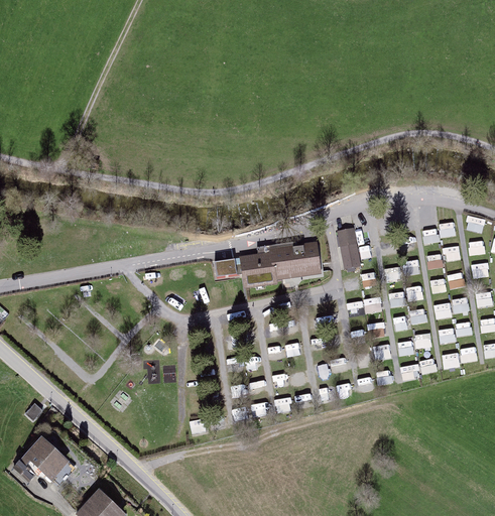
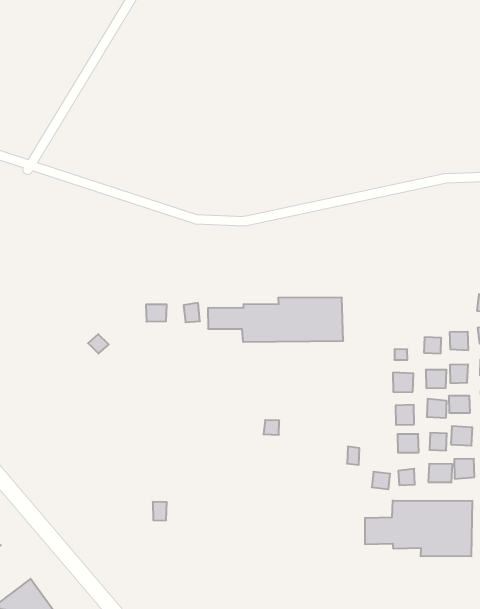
building: [334,230,360,271] -> none
building: none -> [365,500,472,556]

